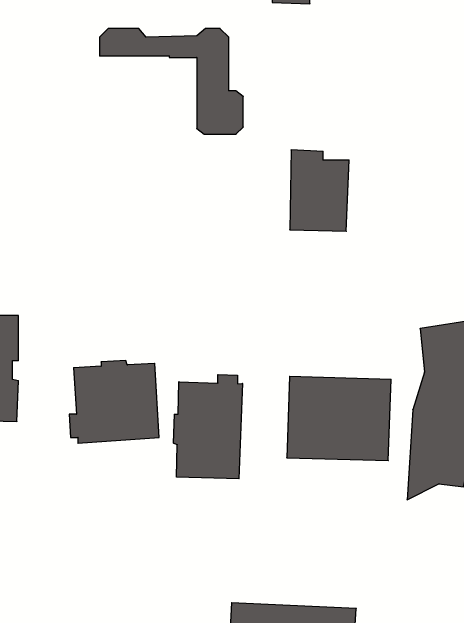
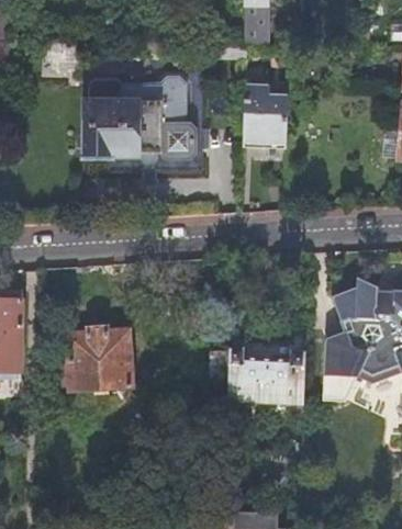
building: none -> [82,98,160,159]
building: [290,150,349,231] -> [244,86,289,147]
building: [174,375,242,479] -> none

